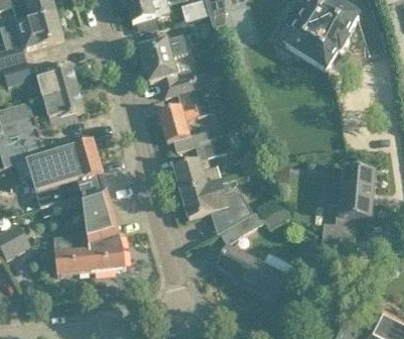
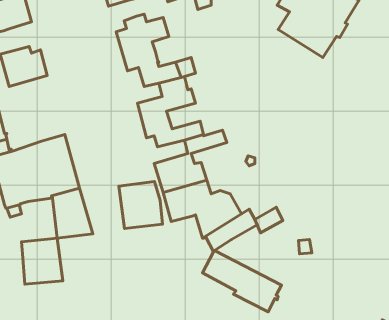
building: [43,87,85,127] -> none
building: [322,170,376,247] -> none
building: [87,230,126,272] -> [119,182,162,229]

